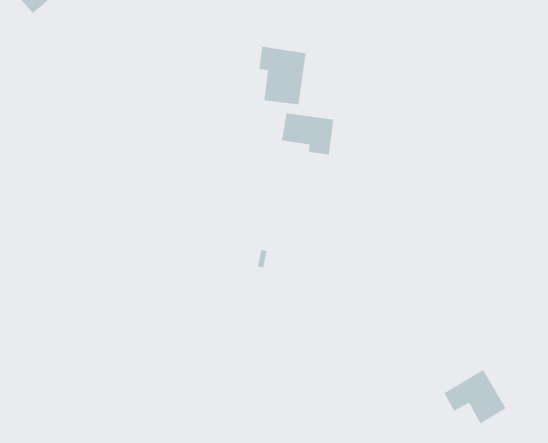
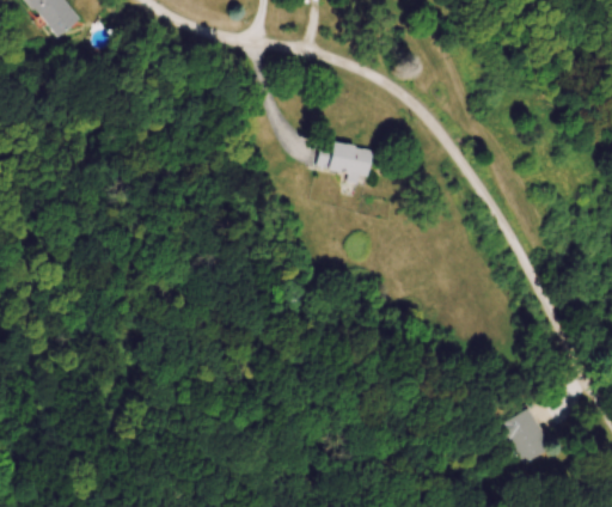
building: [259,46,306,105] -> none

